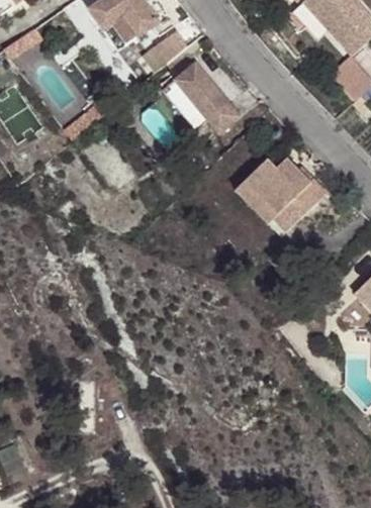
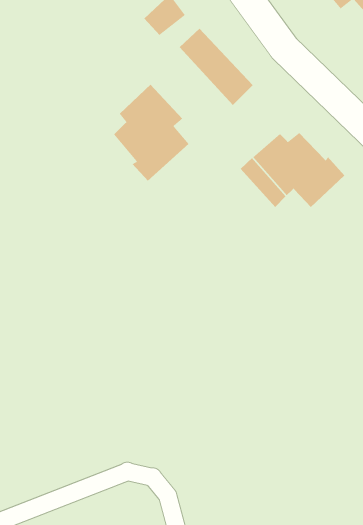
building: none -> [113,84,190,181]

